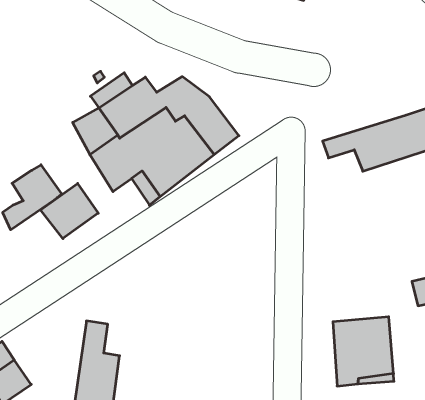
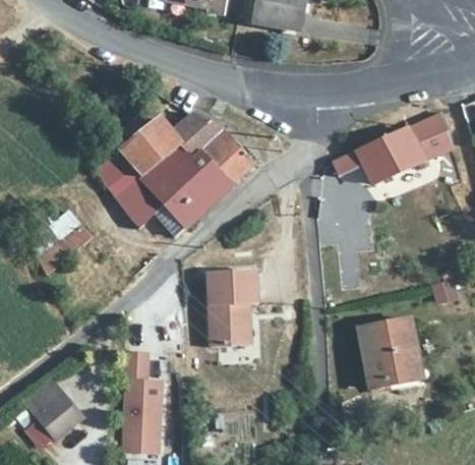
building: [41,183,98,239] -> none
building: none -> [207,274,256,348]

